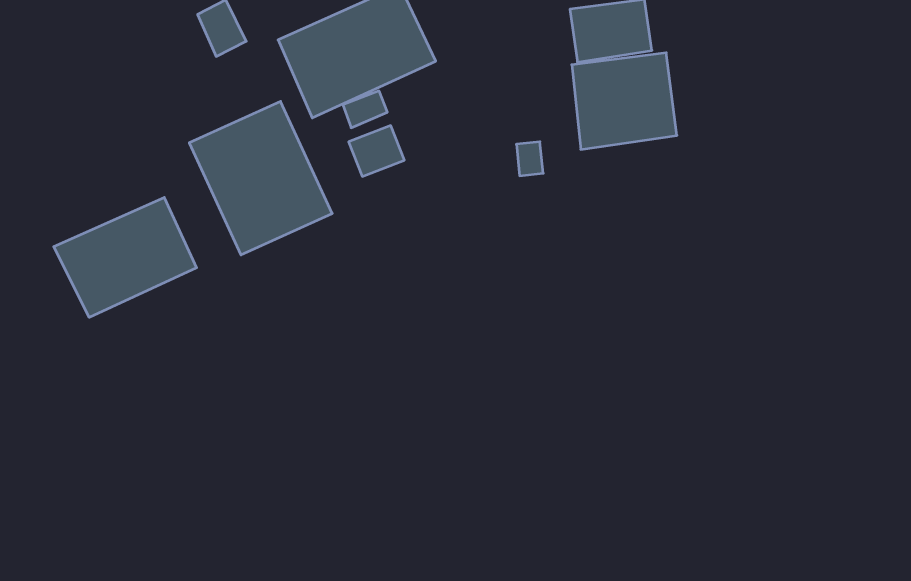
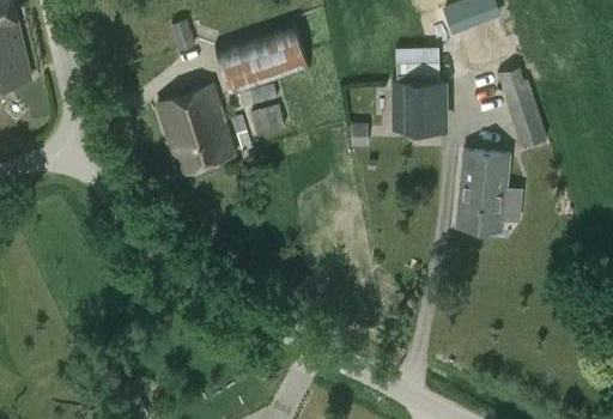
building: none -> [500,78,547,147]
building: none -> [456,151,509,232]
building: [54,197,197,317] -> none

